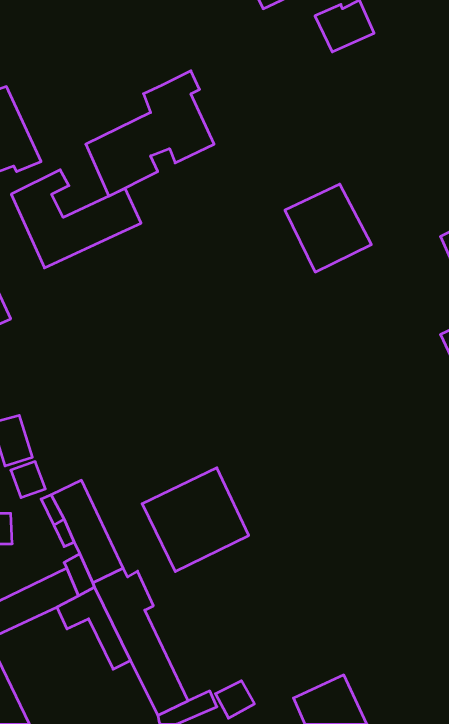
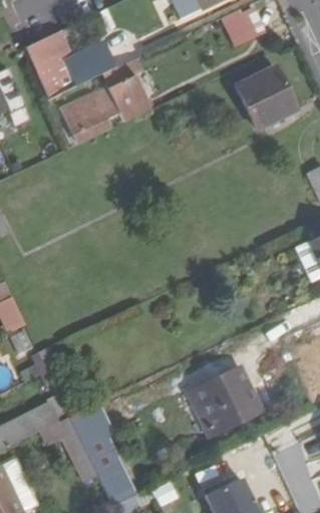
building: [11,170,141,268] -> [24,30,114,98]
building: [285,184,371,272] -> [236,66,296,127]
building: [142,468,249,572] -> [187,364,261,437]

